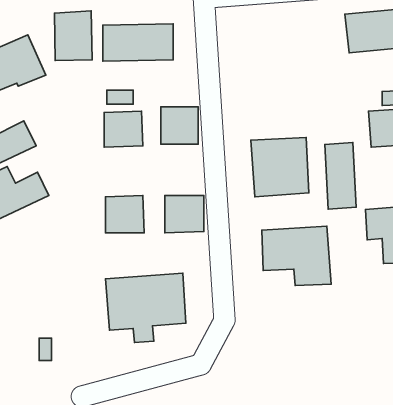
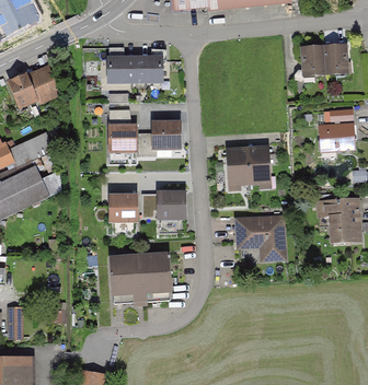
building: [54,11,92,61] -> none
building: [325,142,356,209] -> none

